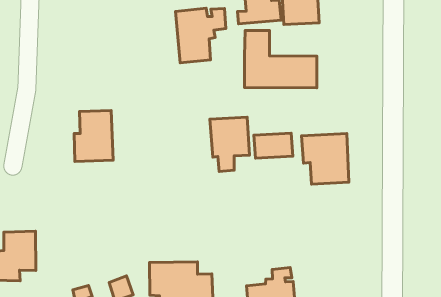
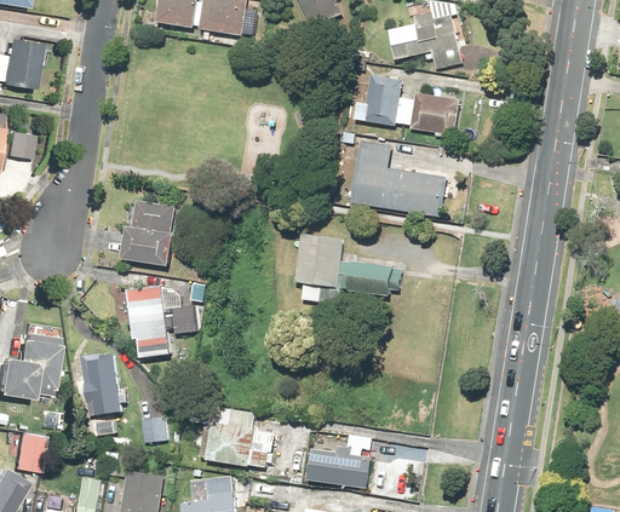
building: [175,8,226,63] -> none
building: [302,134,349,184] -> none
building: none -> [125,282,199,358]
building: none -> [79,349,122,418]

